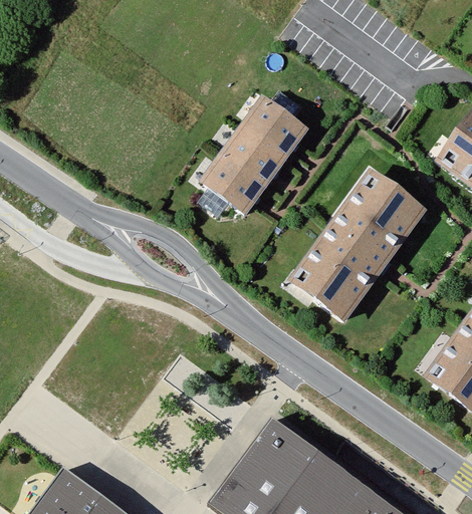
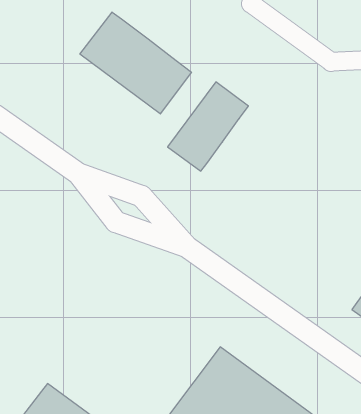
building: none -> [80,12,191,114]
building: [296,177,424,320] -> none

